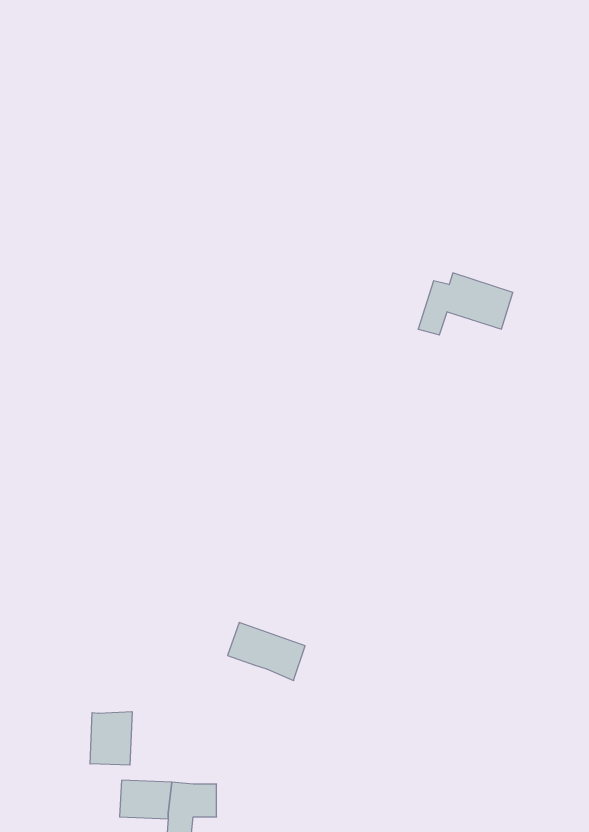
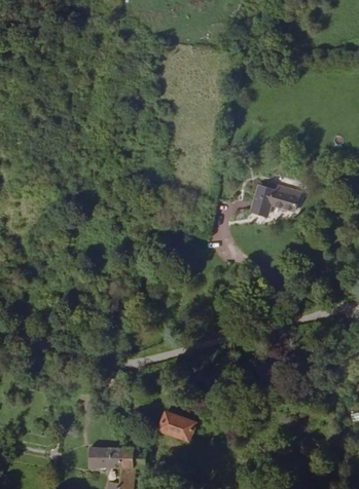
building: [228,622,305,681] -> [158,413,200,444]
building: [90,712,132,765] -> none

